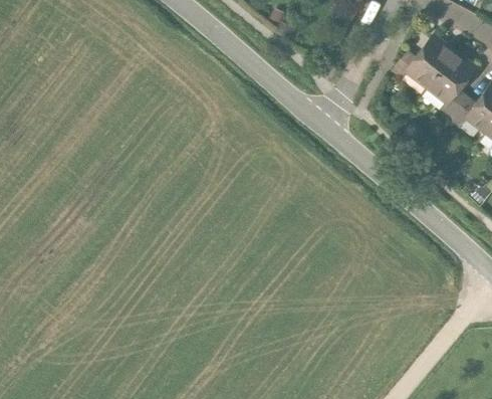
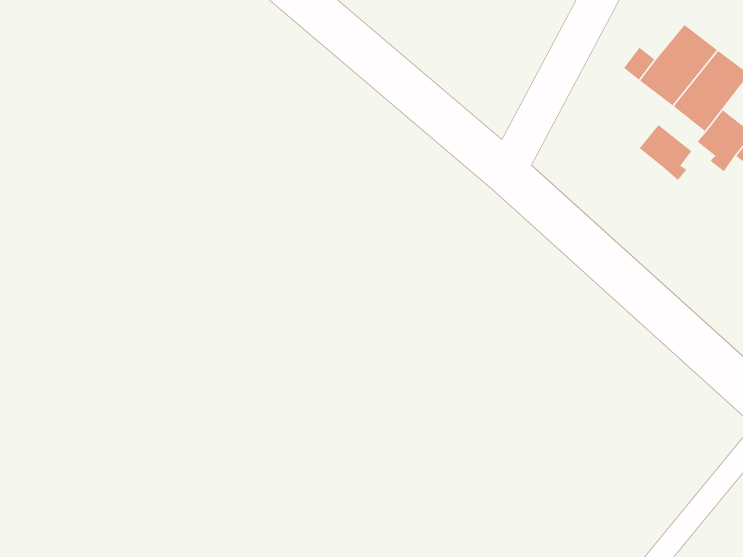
building: none -> [639,124,692,181]

